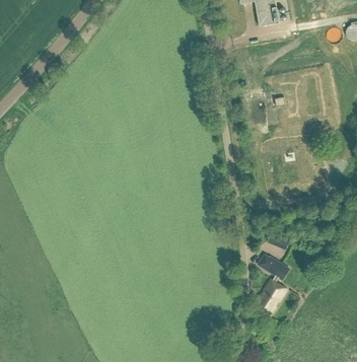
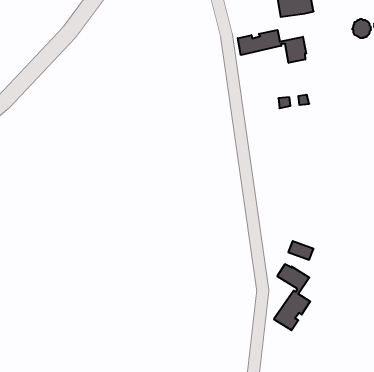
building: none -> [238,30,306,63]

